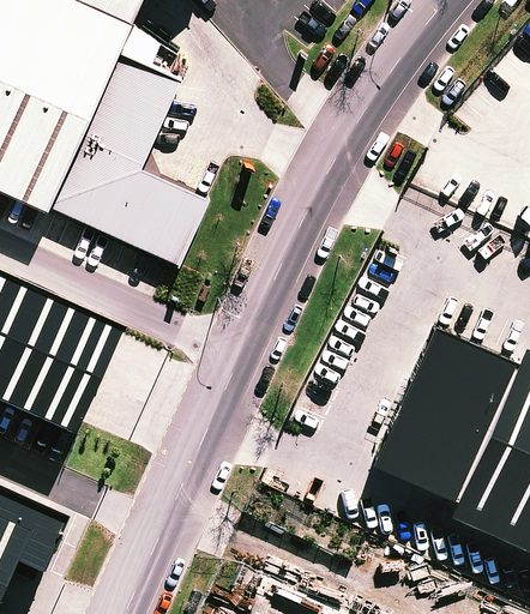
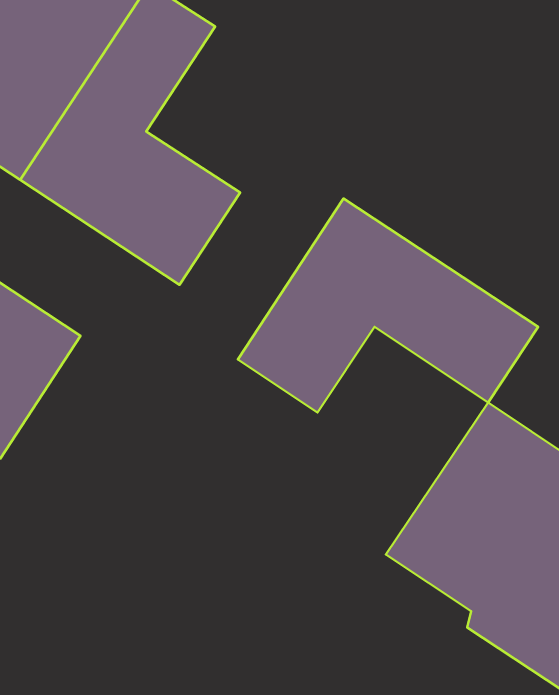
building: none -> [238,199,538,412]

